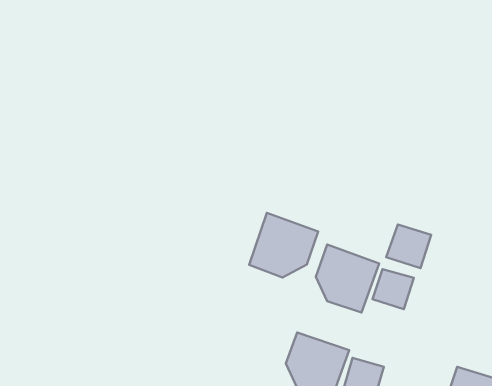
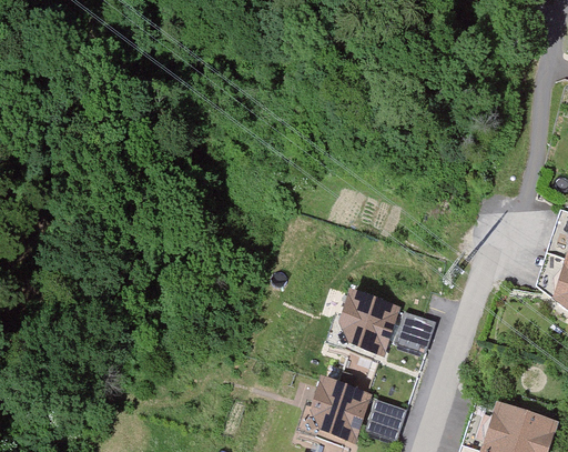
building: [249,213,318,278] -> none
building: [386,225,431,268] -> none

